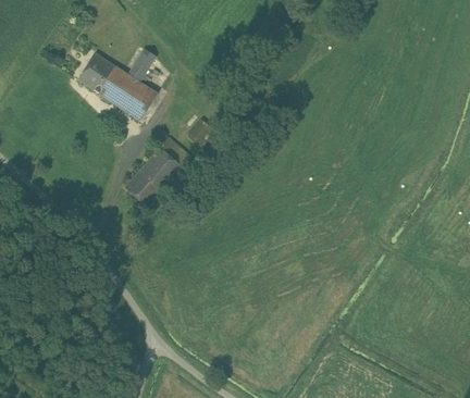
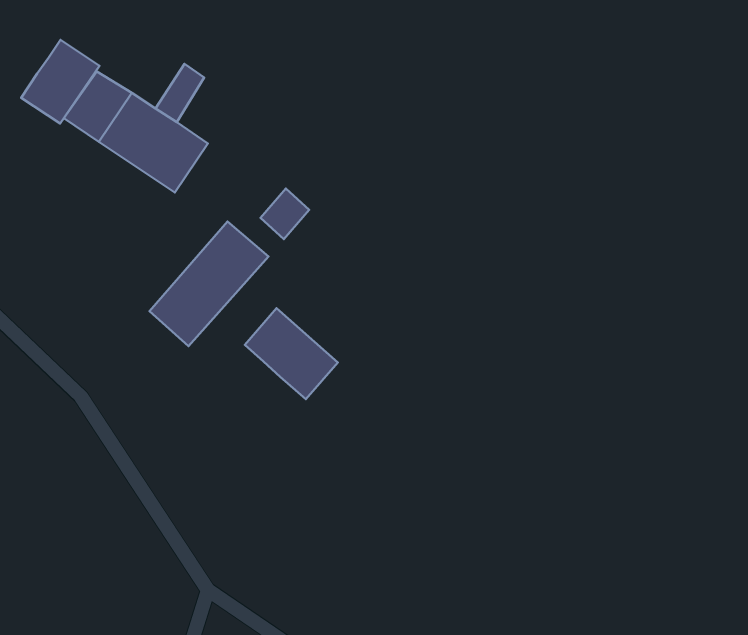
building: none -> [21,40,99,124]
building: none -> [245,308,338,399]

